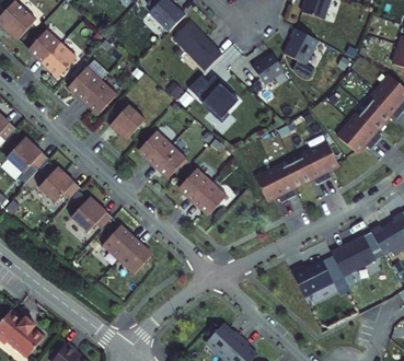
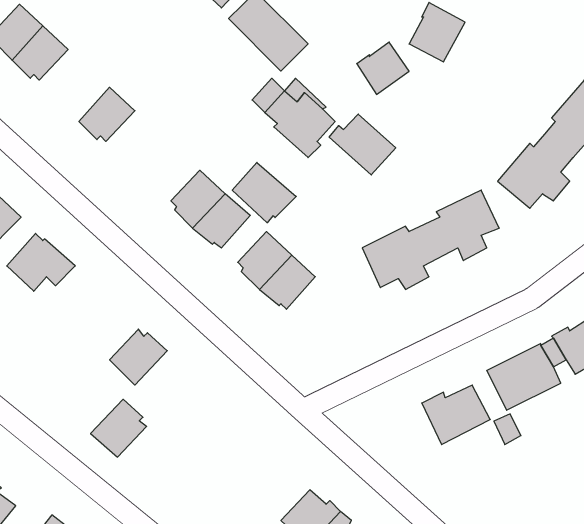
building: [69,67,101,101] -> none
building: none -> [329,114,396,175]
building: [108,104,145,139] -> none
building: none -> [232,162,296,223]
building: [70,199,112,233] -> none
building: [116,240,150,275] -> [91,399,147,457]

